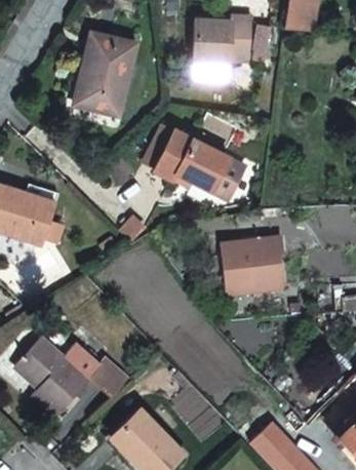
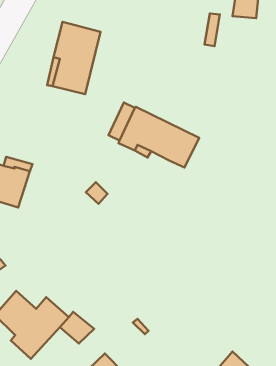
building: [195,15,253,79] -> none
building: [222,235,285,293] -> none

